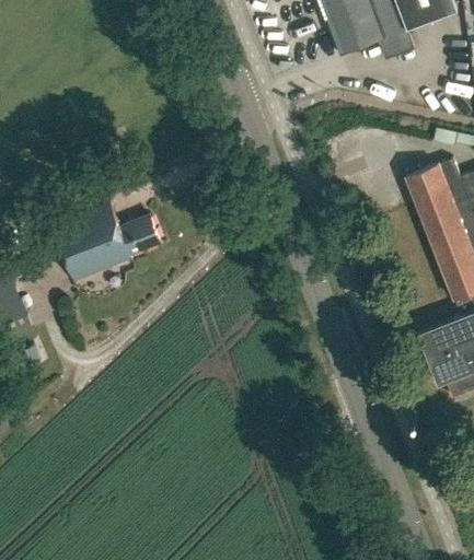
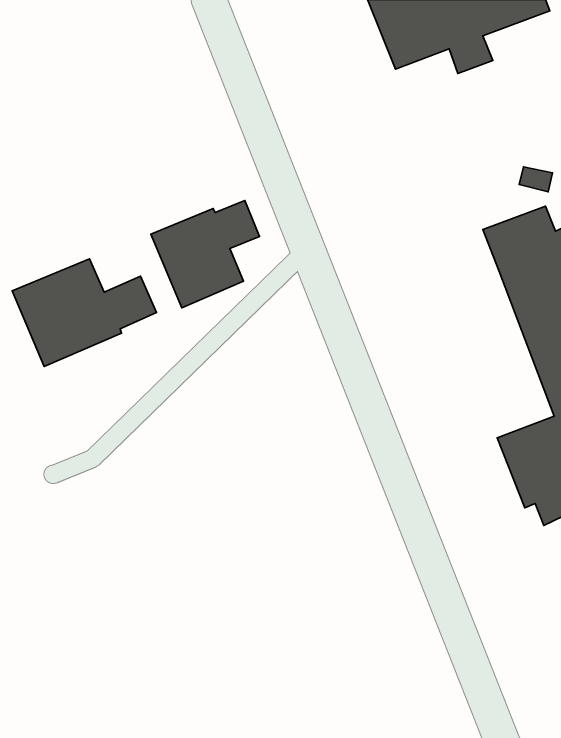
building: none -> [151,201,259,308]

